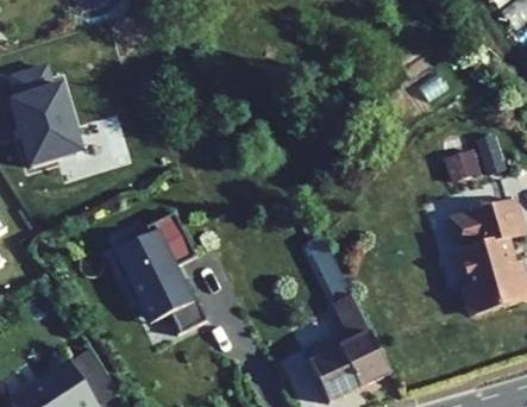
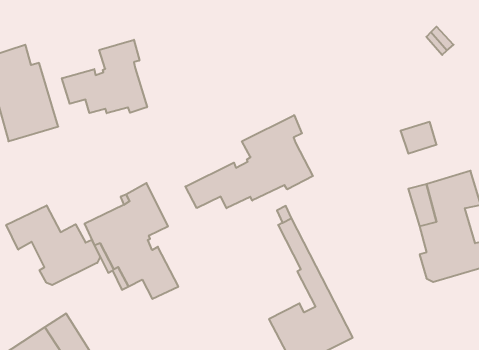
building: none -> [62,40,147,113]
building: none -> [185,115,313,208]
building: none -> [6,205,100,285]

